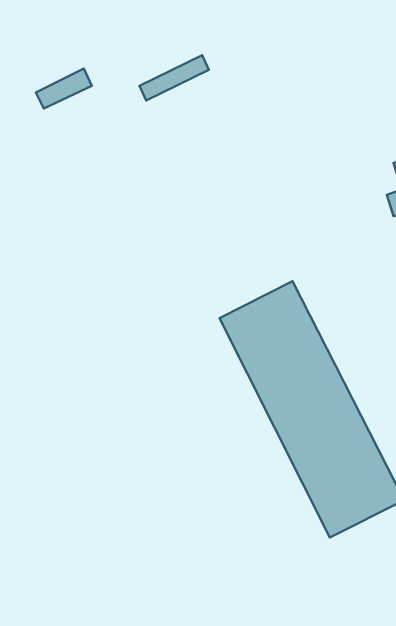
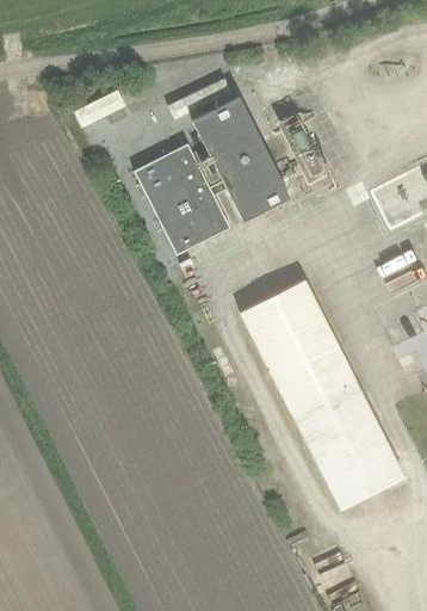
building: none -> [192,97,290,221]
building: none -> [134,143,229,254]

